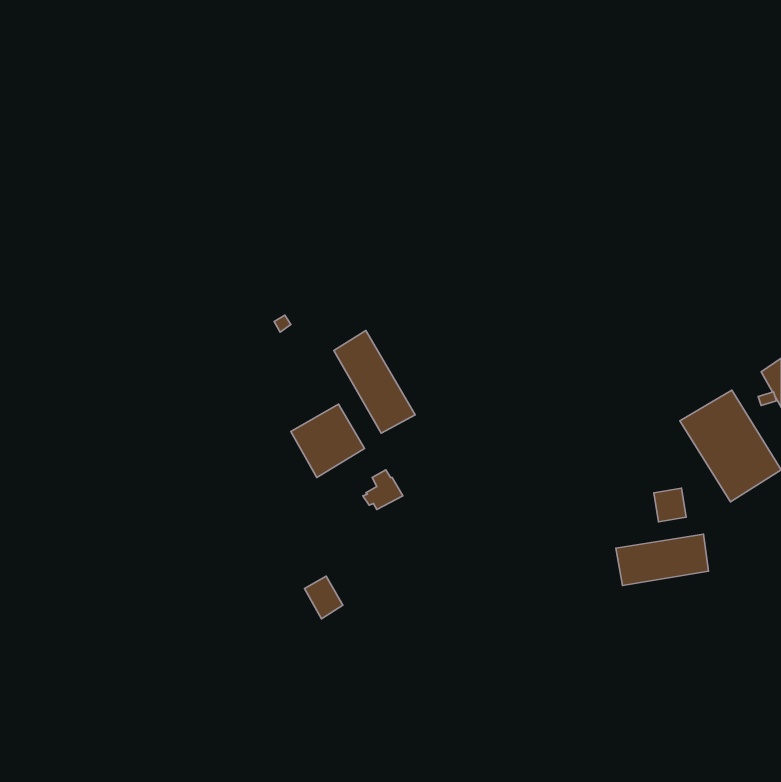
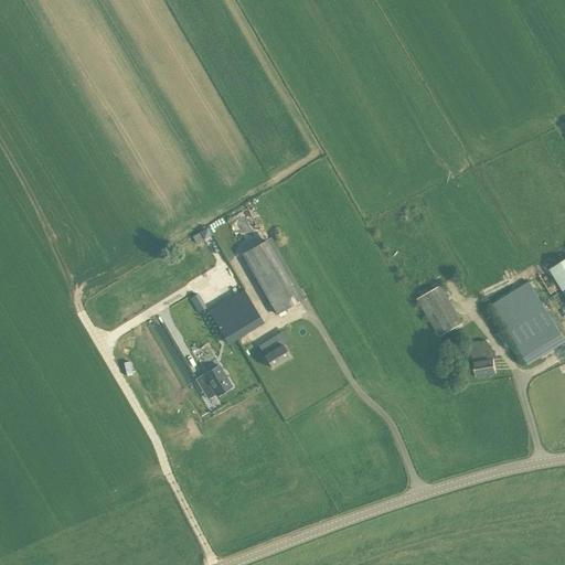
building: none -> [415,284,461,337]
building: [616,534,708,585] -> none
building: [305,576,343,619] -> [203,364,231,395]

